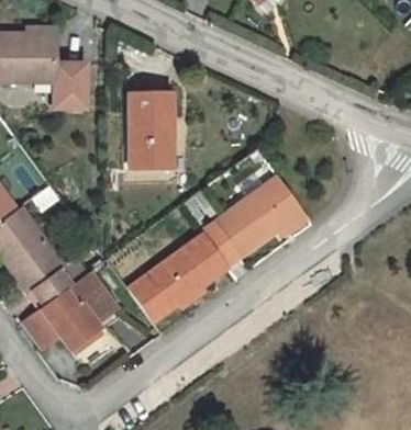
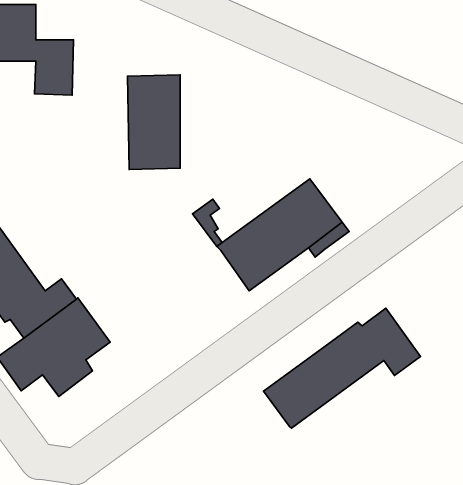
building: [129,234,227,321] -> none
building: none -> [263,308,420,428]

